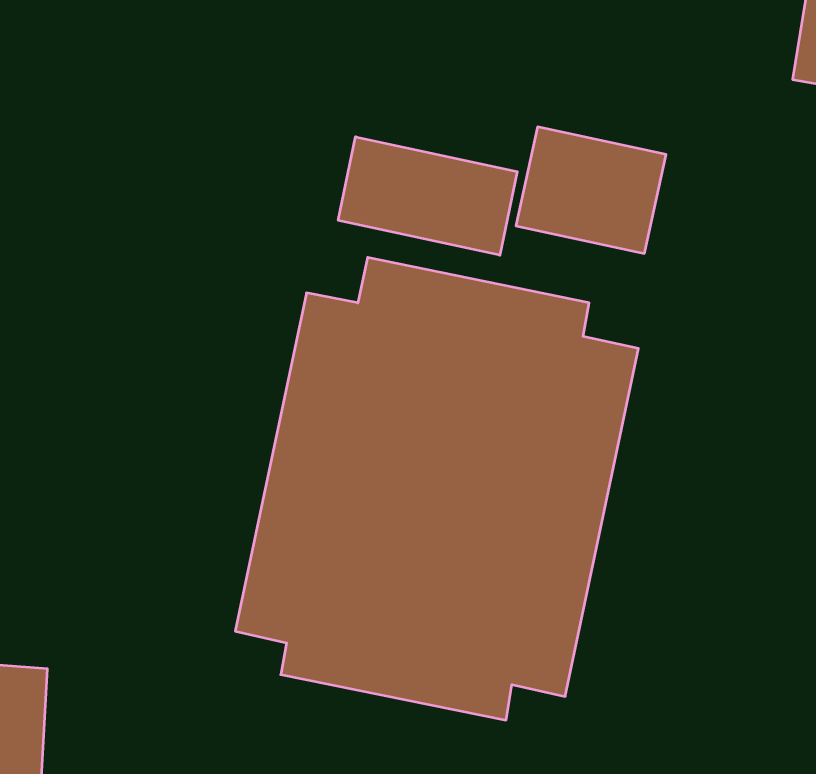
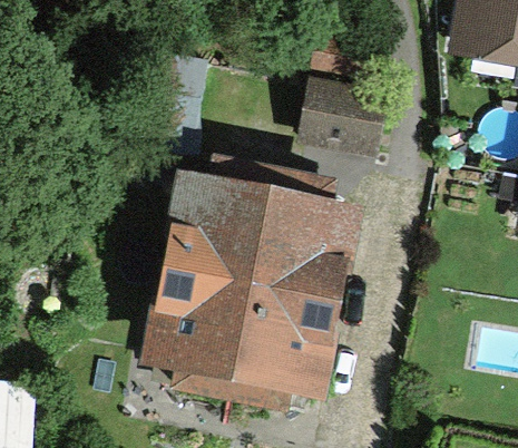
building: [338,137,517,255] -> none

